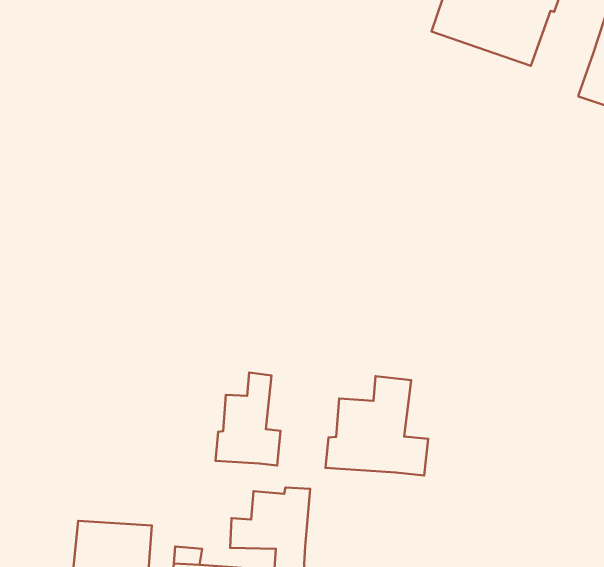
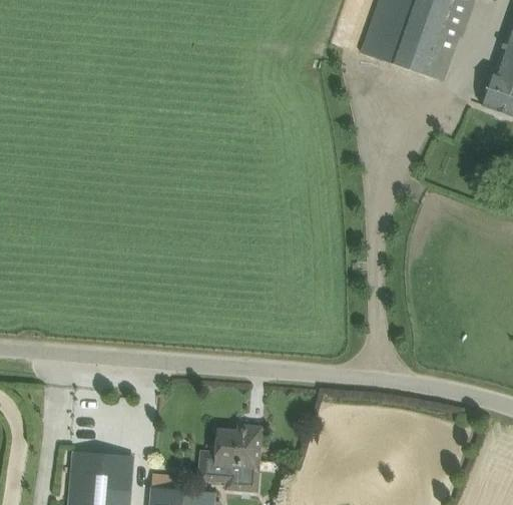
building: [216,373,281,466] -> none
building: [326,376,428,475] -> none

